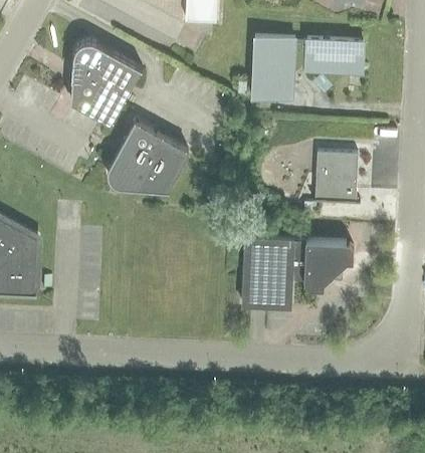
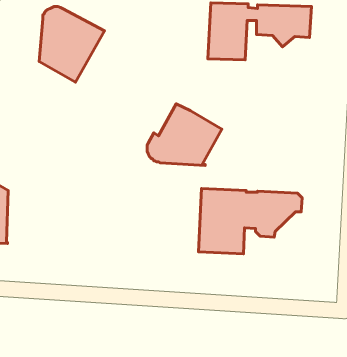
building: [108,125,188,191] -> [147,104,222,166]
building: [311,152,360,202] -> none

